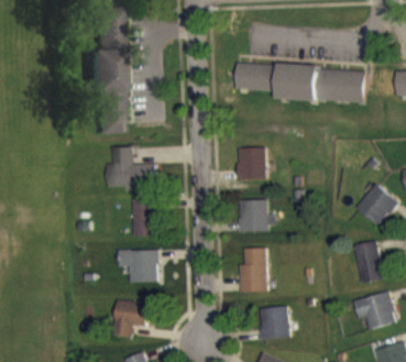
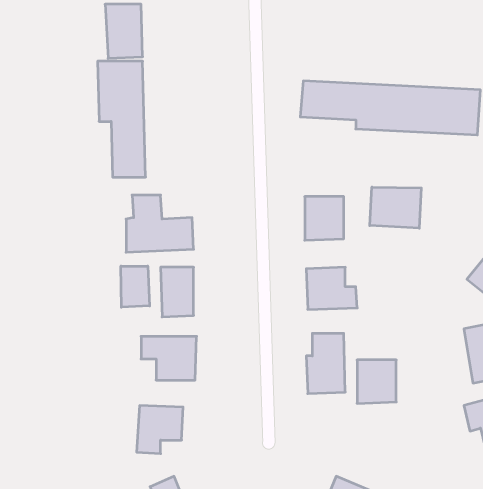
building: none -> [370,187,421,228]
building: none -> [121,266,150,307]
building: [260,307,288,339] -> [357,360,396,403]

